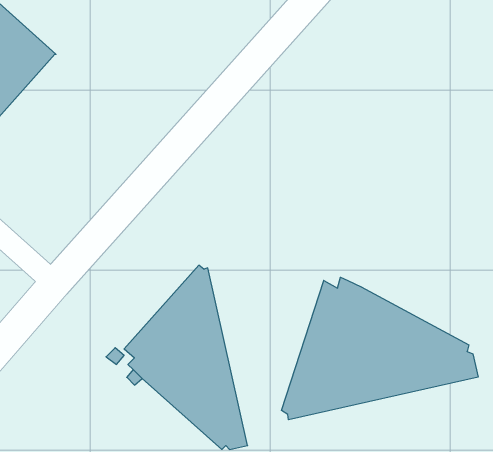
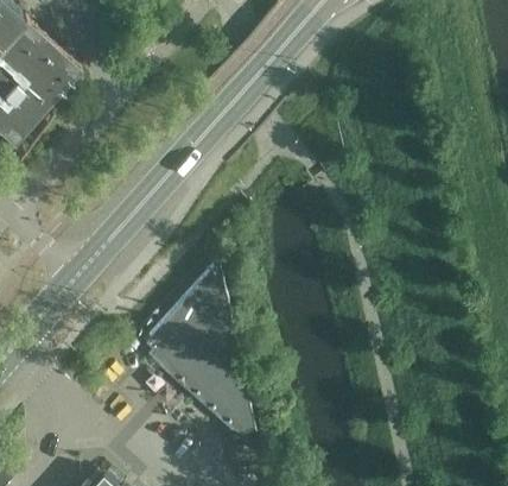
building: [281,277,478,420] -> none

